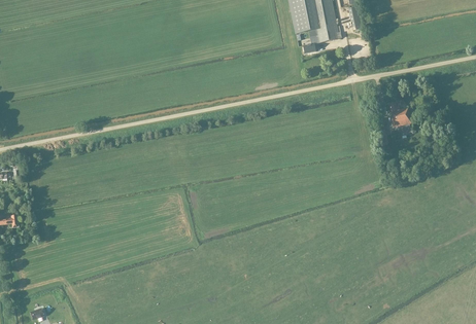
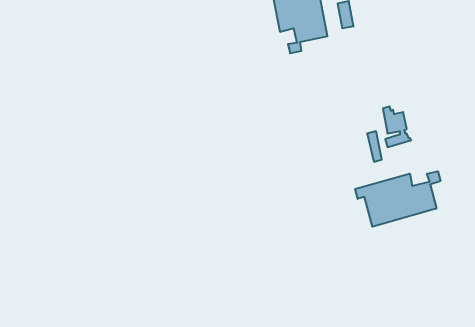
building: none -> [355,171,440,227]

